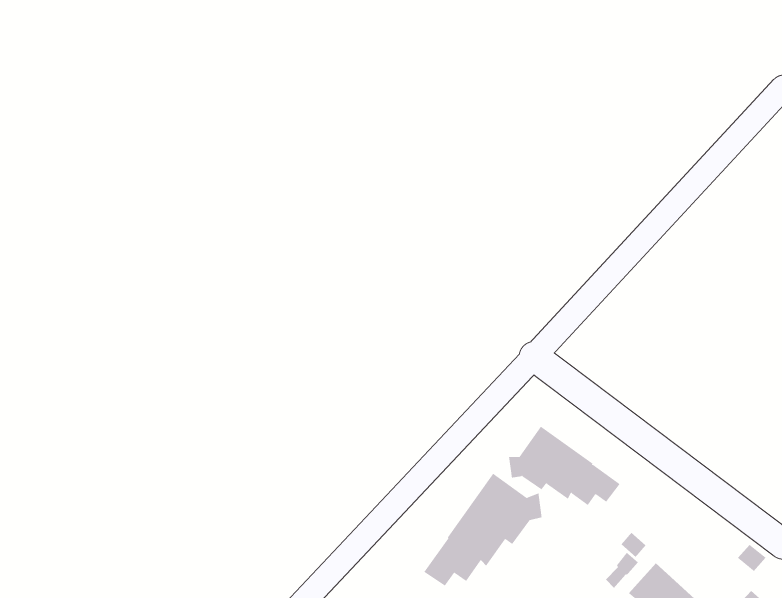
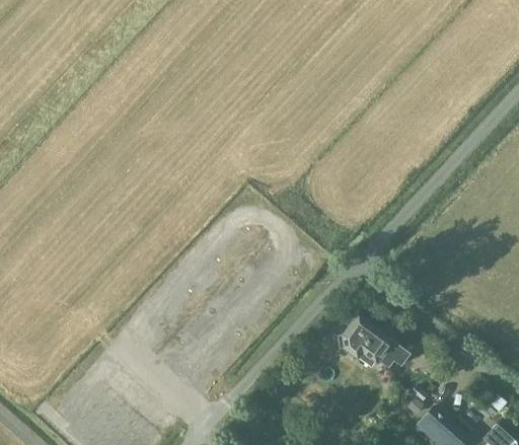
building: [424,473,542,587] -> none

